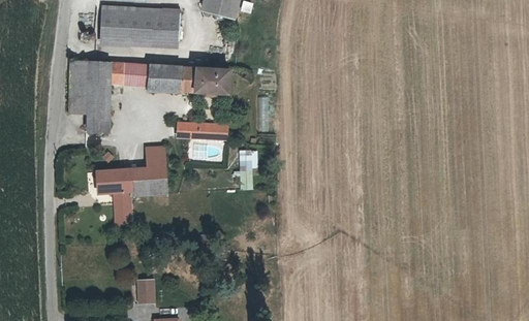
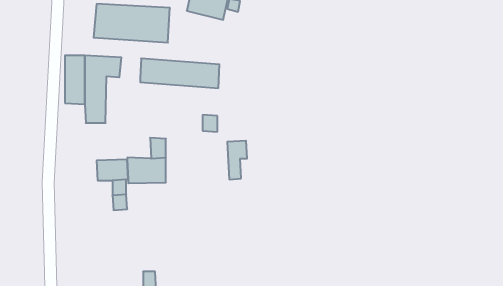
building: [125,62,148,84] -> none
building: [180,120,212,138] -> none

